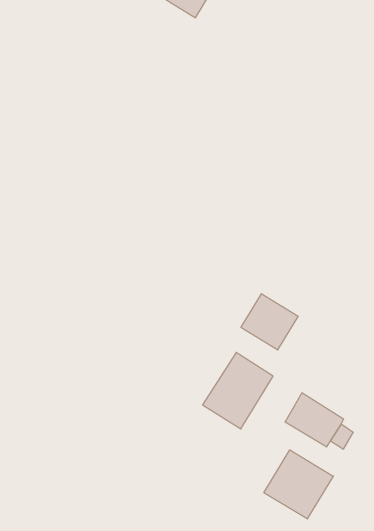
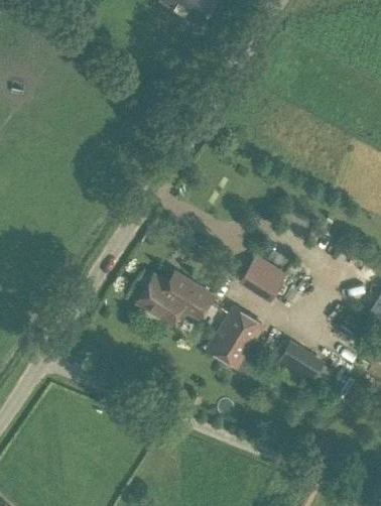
building: none -> [136,273,212,320]
building: [264,450,333,519] -> none

